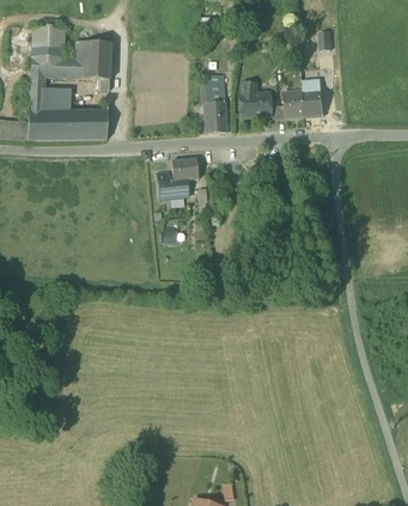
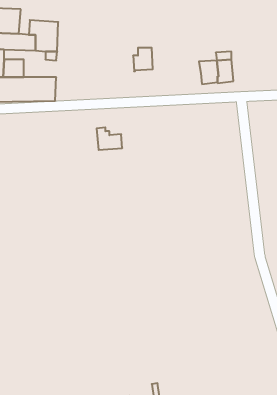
building: [240,81,270,115] -> none
building: [205,99,229,132] -> none
building: [172,157,199,179] -> none

